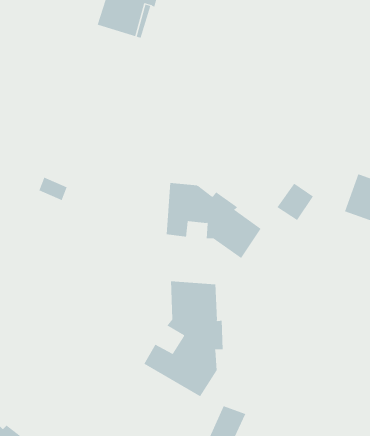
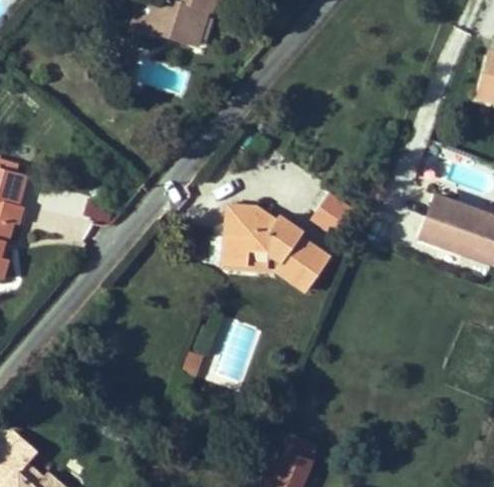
building: [276,183,314,221] -> [311,193,352,235]
building: [143,280,223,397] -> none

